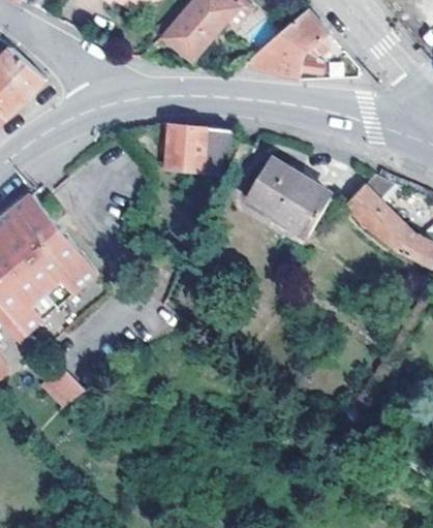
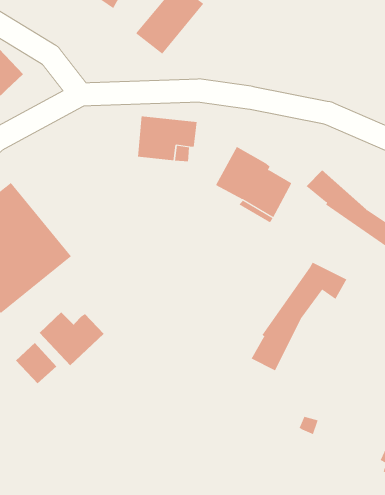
building: [243,10,328,81] -> none
building: none -> [251,262,347,371]
building: none -> [39,311,105,366]

